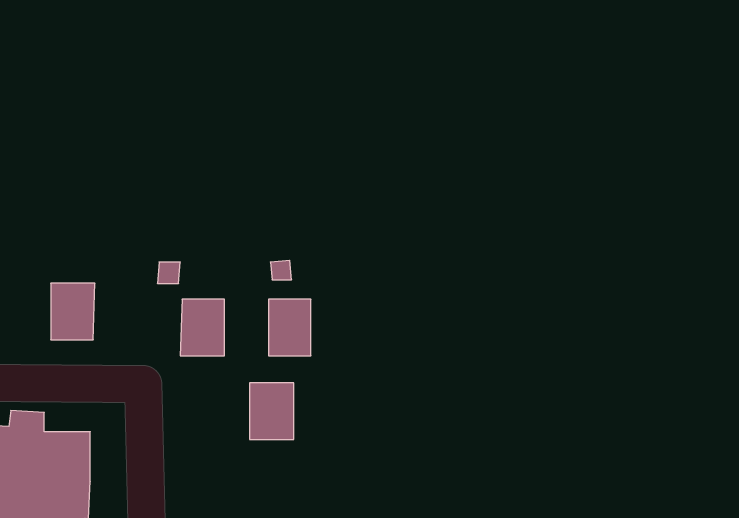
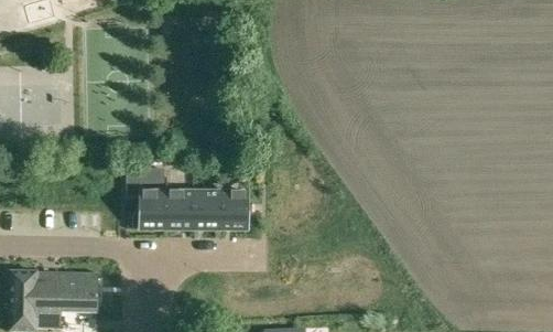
building: [51,283,95,340] -> [135,191,163,226]
building: [250,383,294,439] -> [189,191,217,226]

